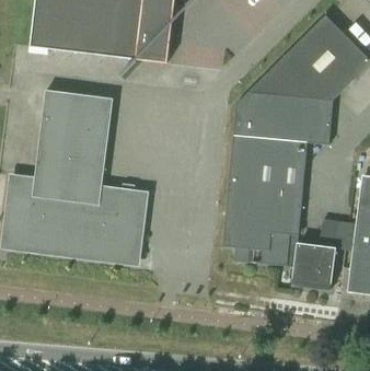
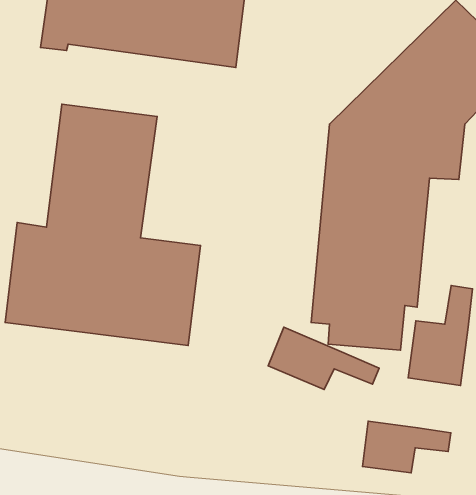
building: none -> [268,327,379,390]
building: none -> [362,421,451,473]

